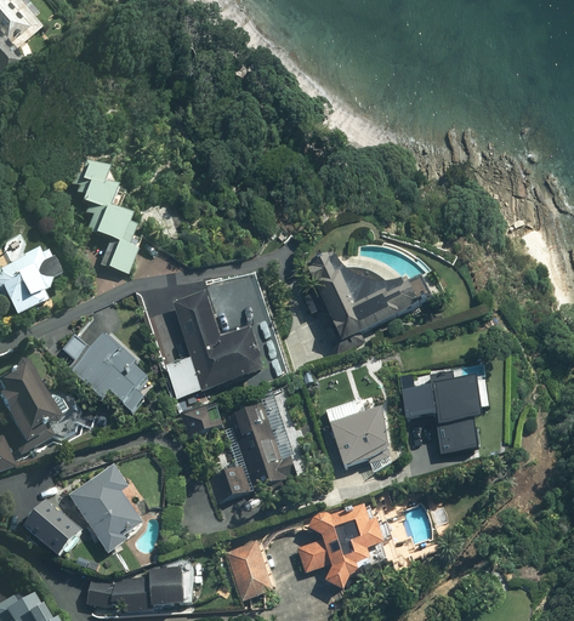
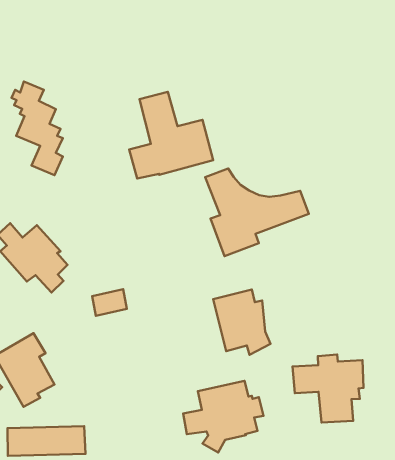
building: [165,291,266,397] -> [129,92,213,179]
building: [402,368,488,450] -> [293,354,364,423]
building: [214,401,294,501] -> none
building: [228,543,273,597] -> none

